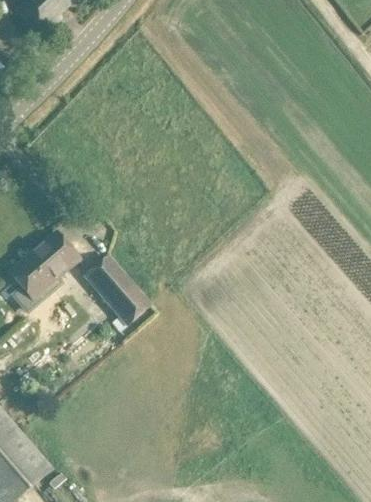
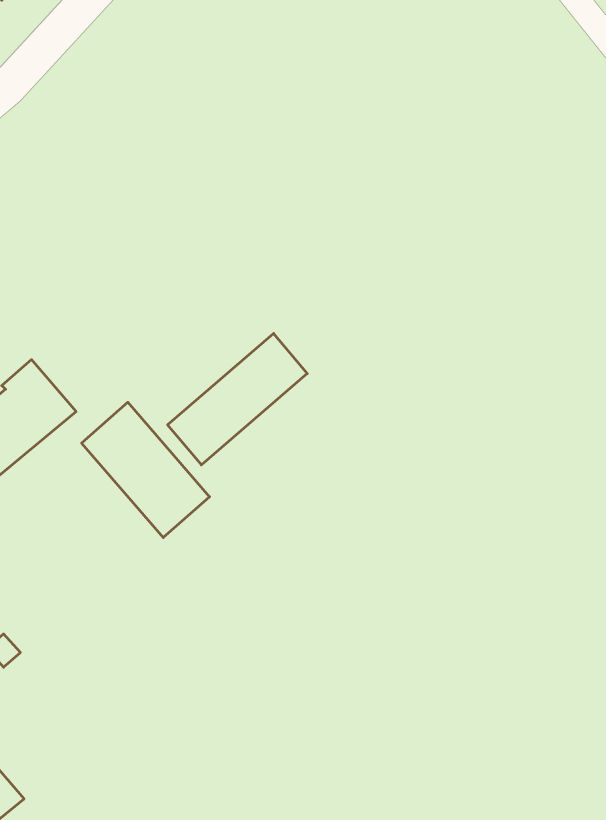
building: none -> [168,333,307,465]

